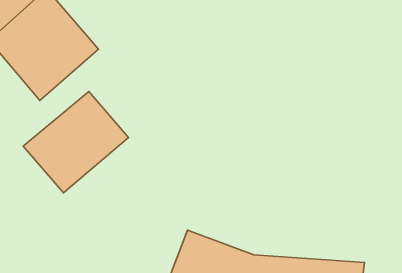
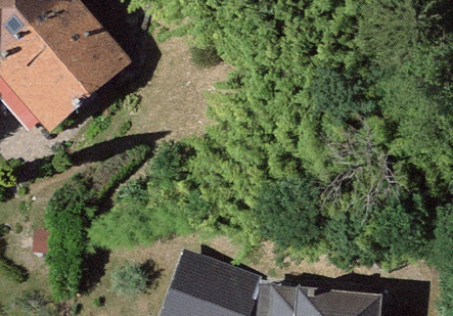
building: [23,91,128,193] -> none

